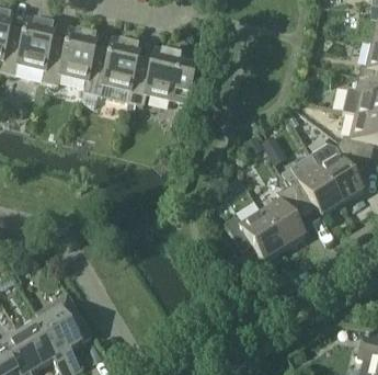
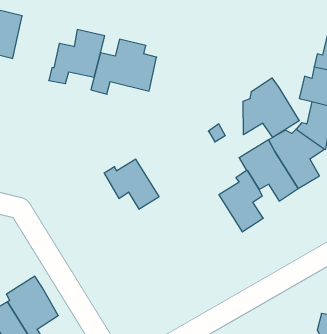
building: [41,29,98,86] -> none
building: none -> [243,78,299,137]
building: [226,211,283,262] -> [104,159,159,209]

